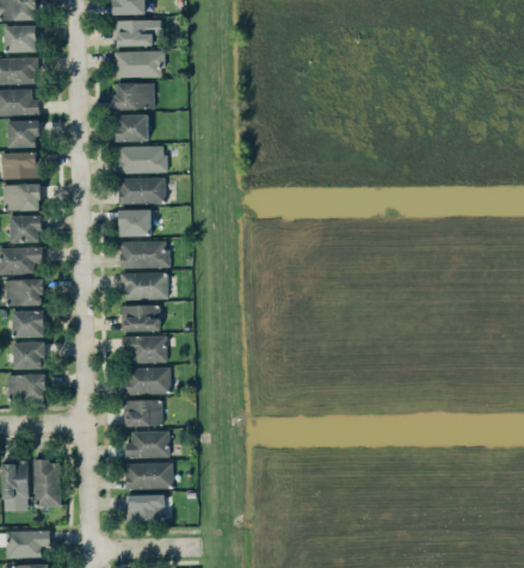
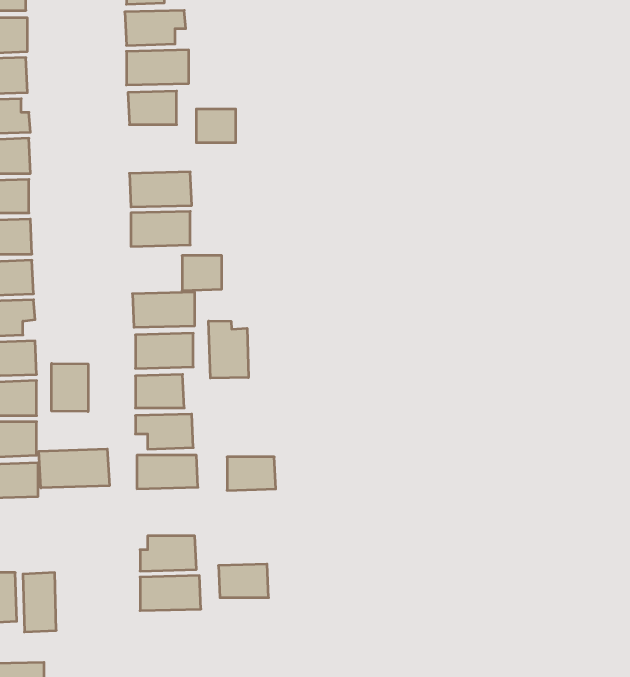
building: [117,115,148,141] -> [196,109,236,143]
building: [119,209,150,236] -> [182,256,222,291]
building: none -> [209,321,248,378]
building: none -> [52,363,88,412]
building: none -> [39,449,109,488]
building: [124,400,162,426] -> [227,457,276,490]
building: [125,494,165,520] -> [218,564,269,598]

